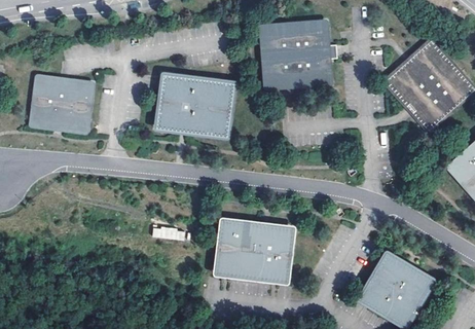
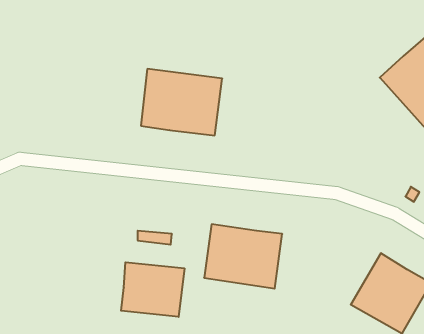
building: [258,19,333,89] -> none
building: [34,78,94,132] -> none
building: none -> [121,262,184,317]

